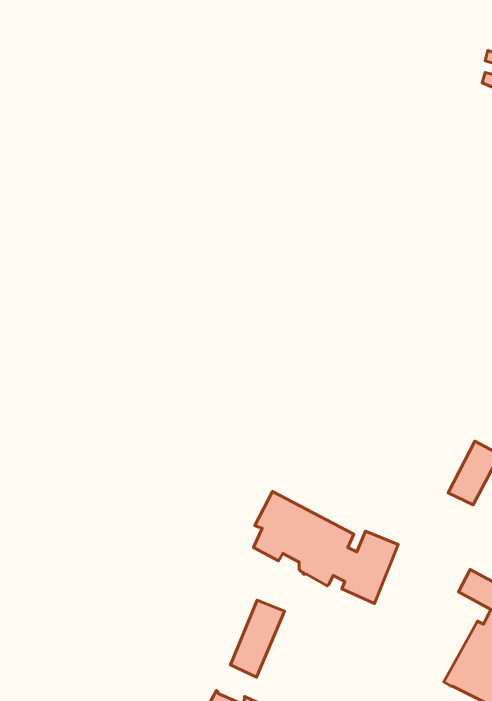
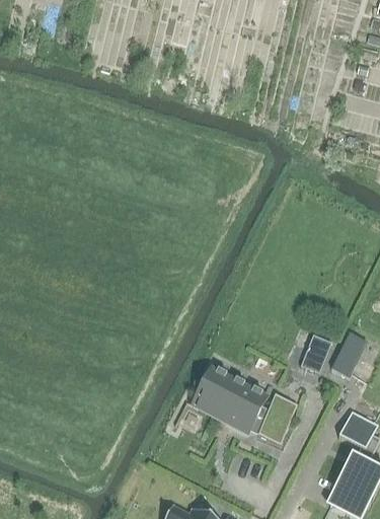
building: none -> [300,336,330,373]
building: [230,600,284,677] -> none

